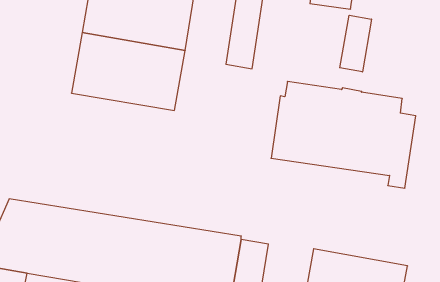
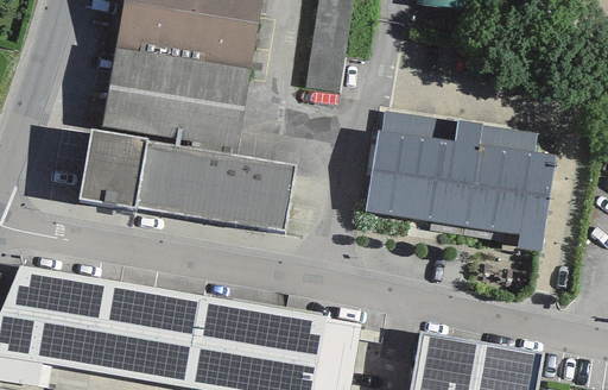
building: [340,15,371,72] -> none
building: none -> [78,130,294,231]

